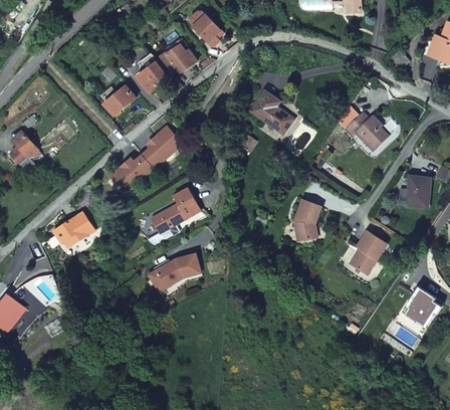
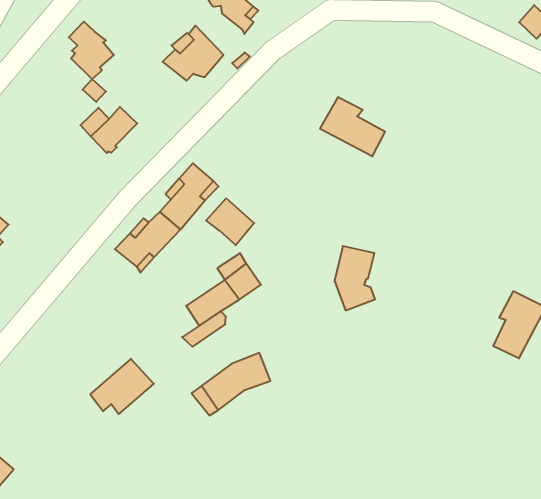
building: [137,50,165,88] -> [69,22,114,79]
building: [336,105,386,150] -> none
building: none -> [206,198,254,245]
building: [294,199,322,241] -> [334,246,375,310]
building: [52,211,94,246] -> [90,359,154,414]

